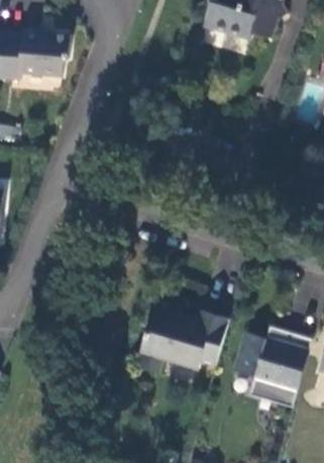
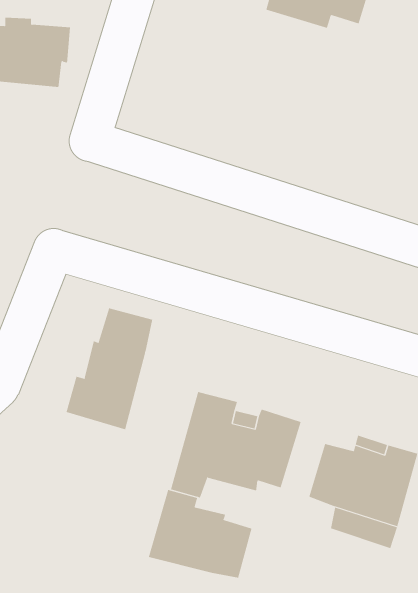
building: none -> [66,308,153,430]
building: none -> [148,489,252,578]

